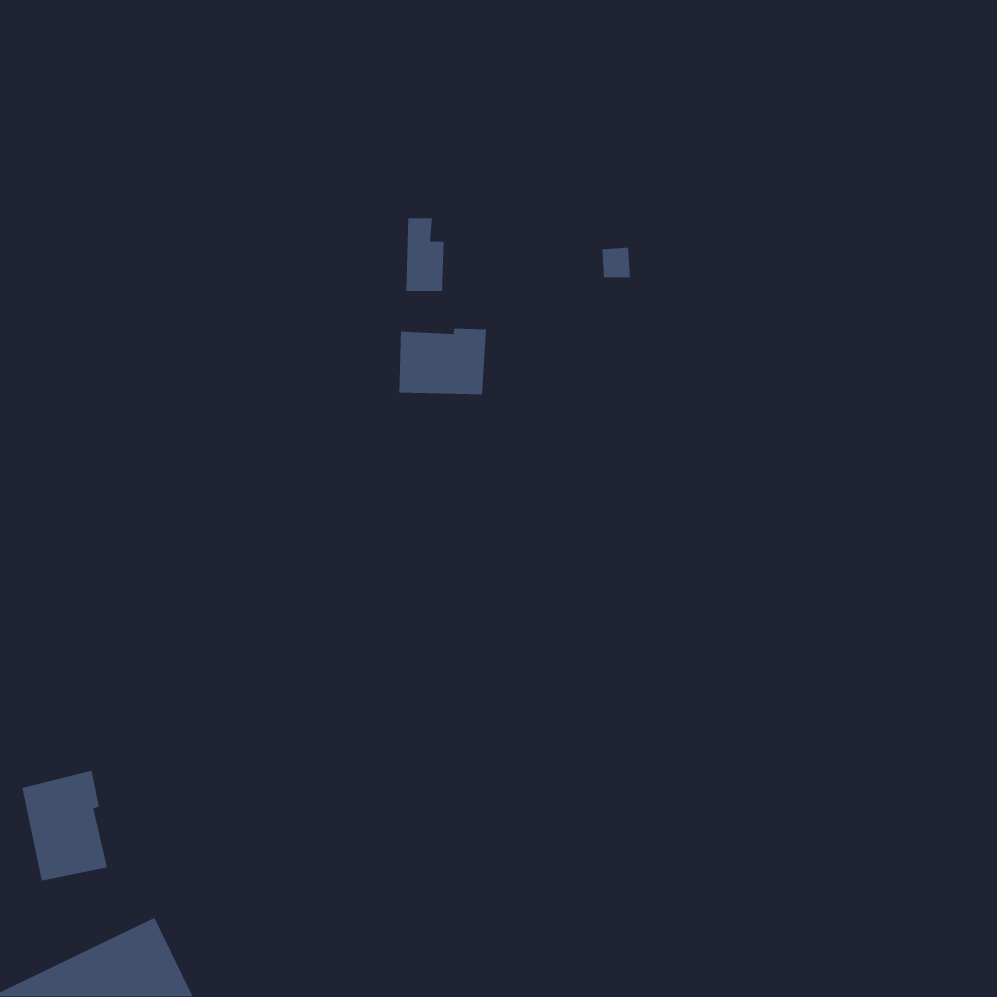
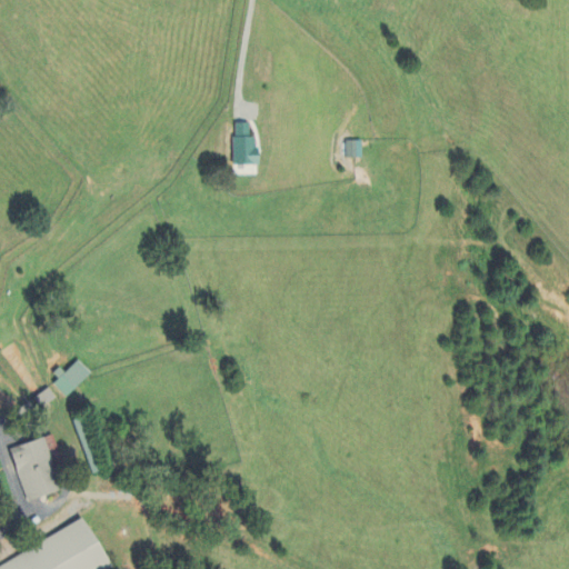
building: [399,328,487,395] -> none
building: none -> [50,360,90,398]

